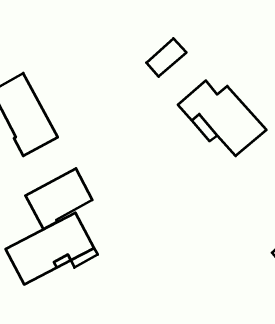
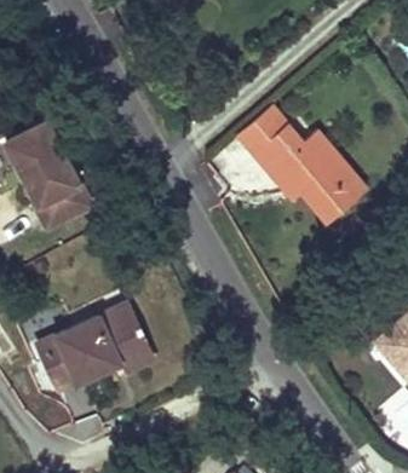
building: [146,38,186,77] -> [236,106,288,156]
building: [25,168,92,229] -> none

